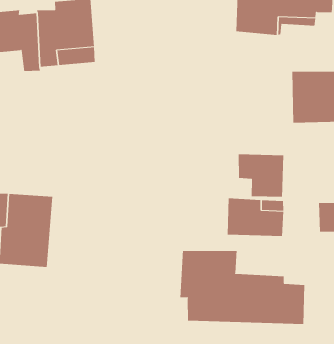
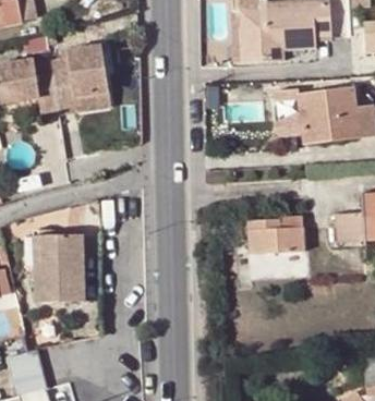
building: [238,153,284,197] -> none
building: [180,250,305,325] -> none

